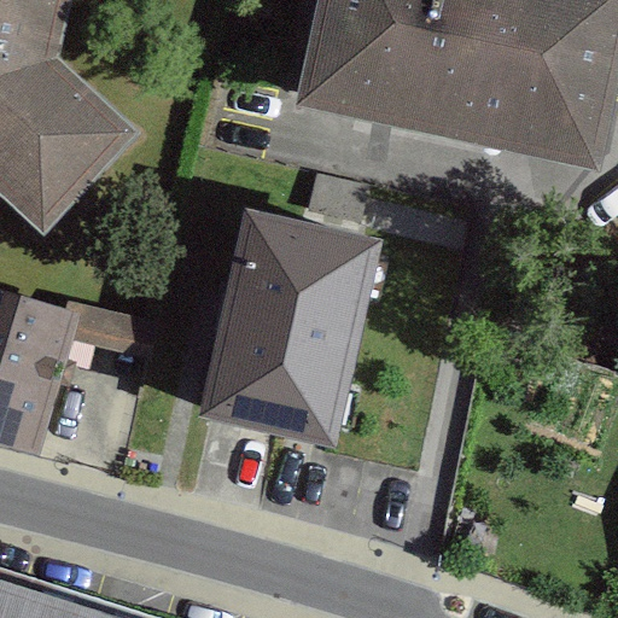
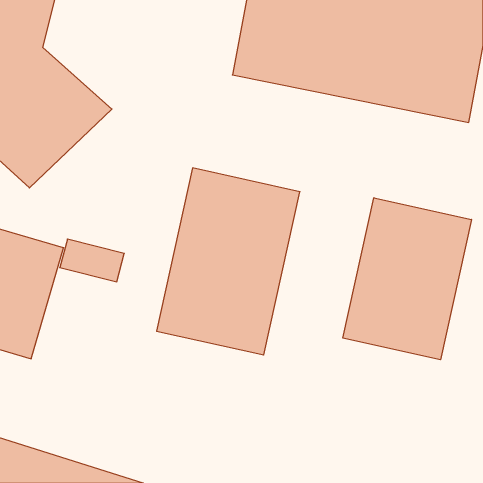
building: none -> [343,198,471,360]

